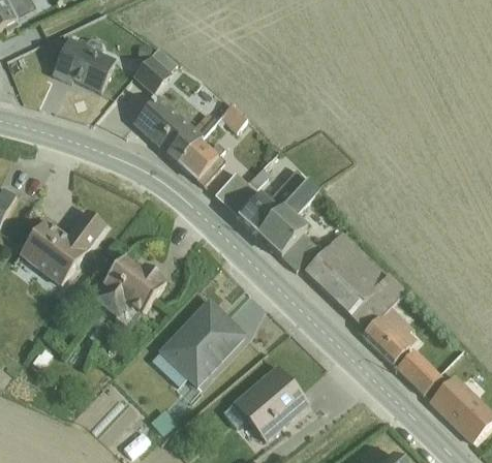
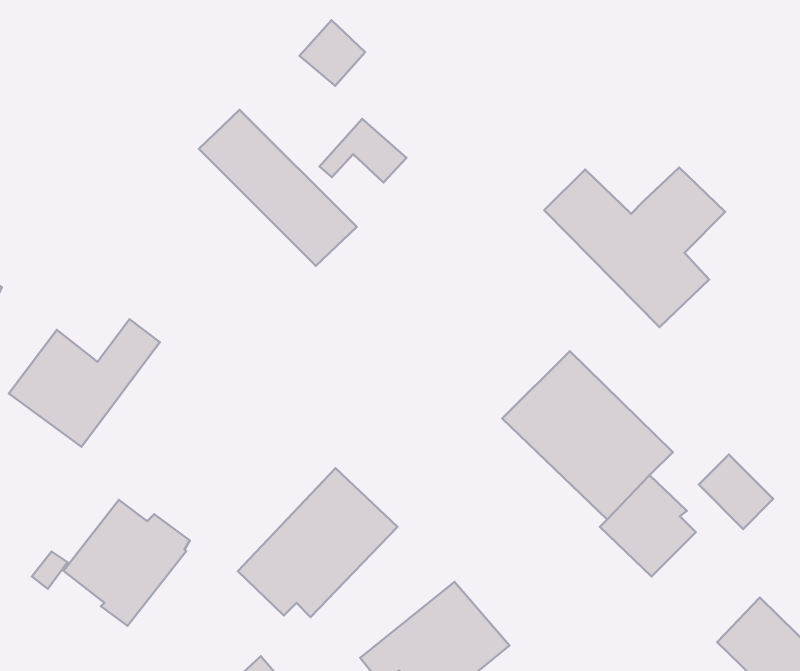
building: [60,41,111,95] -> none
building: [134,54,173,92] -> [300,20,365,86]
building: [218,162,324,255] -> [544,168,725,327]
building: [92,255,165,329] -> [64,500,190,626]
building: [397,349,440,393] -> [699,454,773,529]

